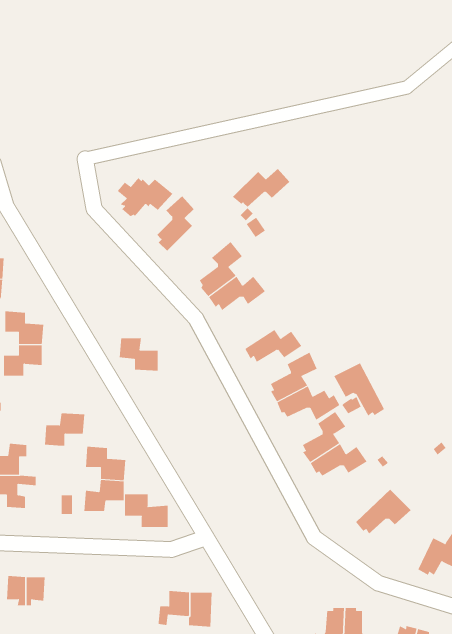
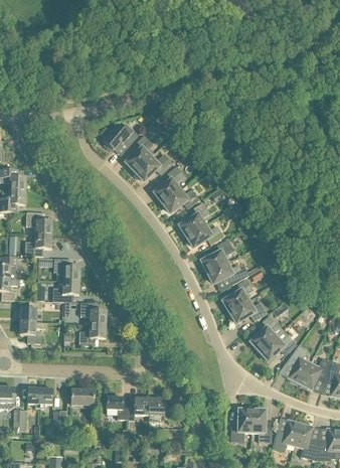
building: [232,168,290,208] -> [134,153,172,179]
building: none -> [180,202,208,237]
building: [119,338,158,371] -> [53,258,79,280]
building: [334,362,385,416] -> none
building: none -> [251,314,282,351]
building: [124,494,168,528] -> none
building: none -> [286,344,310,382]
building: none -> [67,388,95,405]
building: none -> [106,396,129,418]

